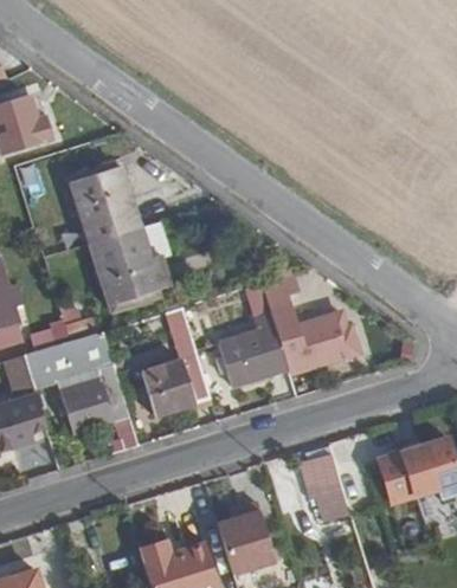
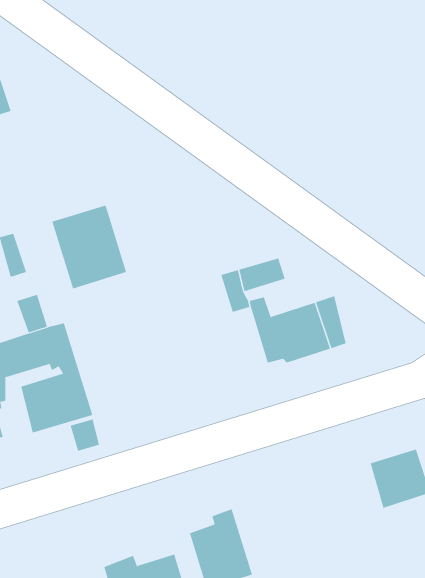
building: [70,164,140,240] -> none
building: [137,308,210,416] -> none
building: [215,330,287,388] -> none
building: [302,453,345,525] -> none

